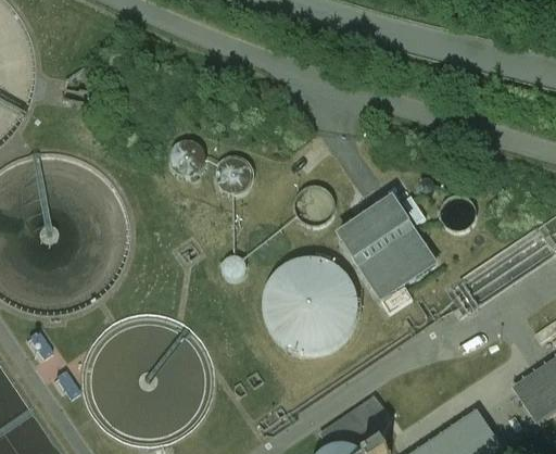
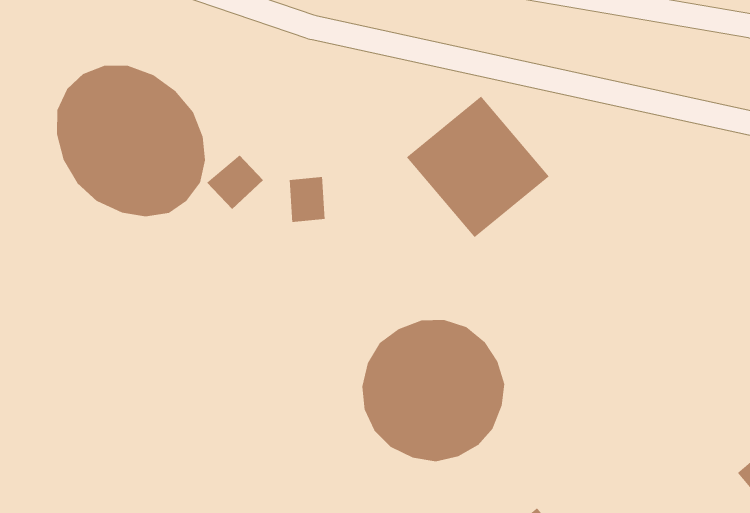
building: none -> [56,65,206,217]
building: [339,200,438,299] -> [406,95,550,238]

